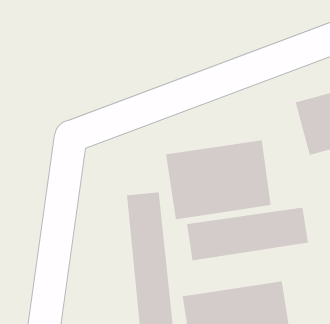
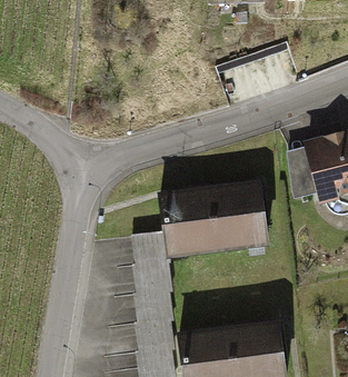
building: [186,207,309,261] -> none

